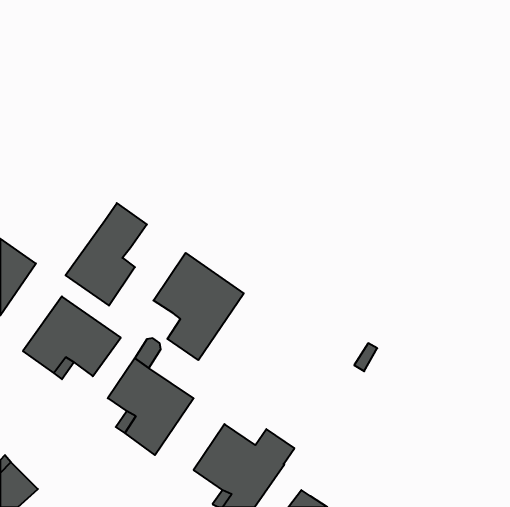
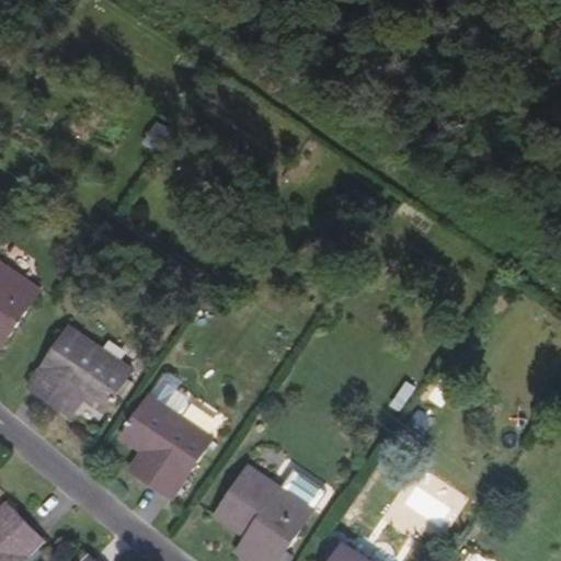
building: [66,203,147,306] -> none
building: [153,253,244,360] -> none

